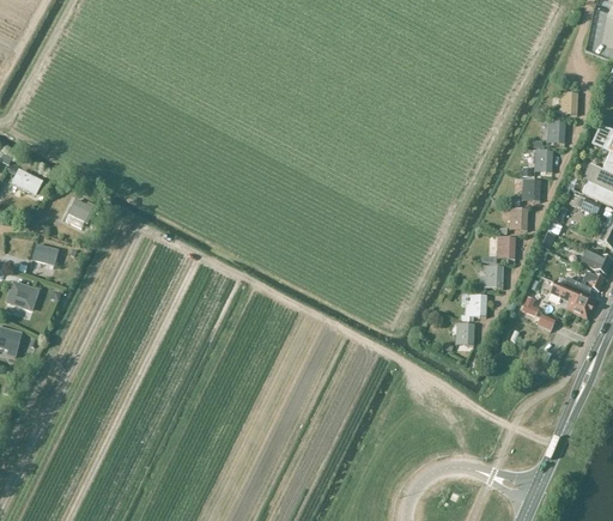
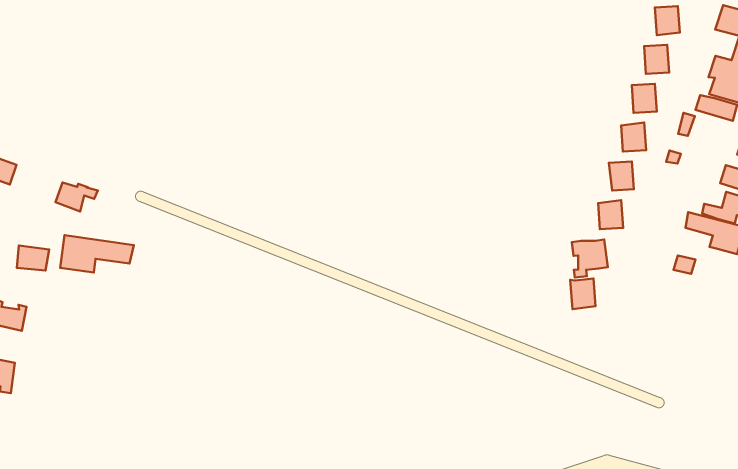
building: none -> [60,235,134,272]

